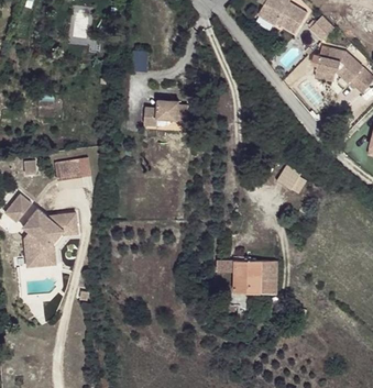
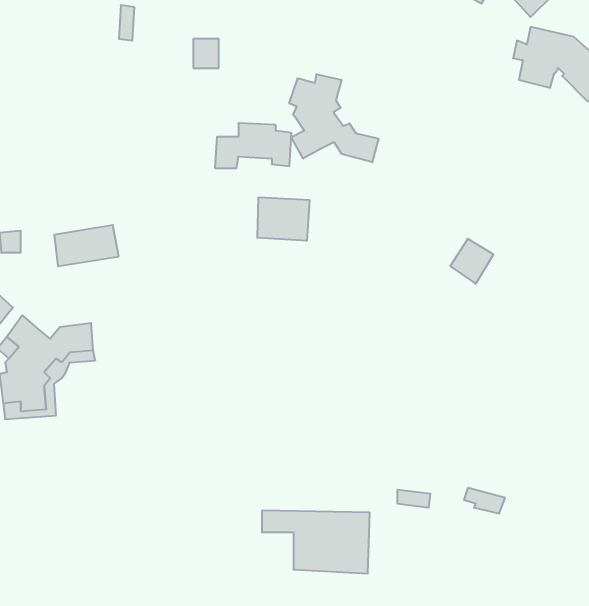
building: none -> [289,74,379,162]
building: none -> [257,197,310,241]
building: [217,258,277,293] -> [262,511,370,573]

